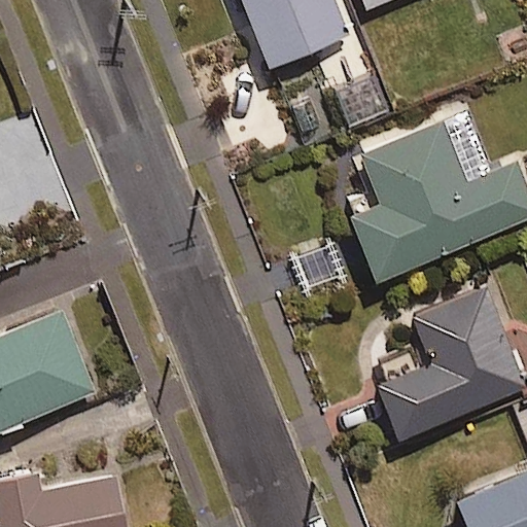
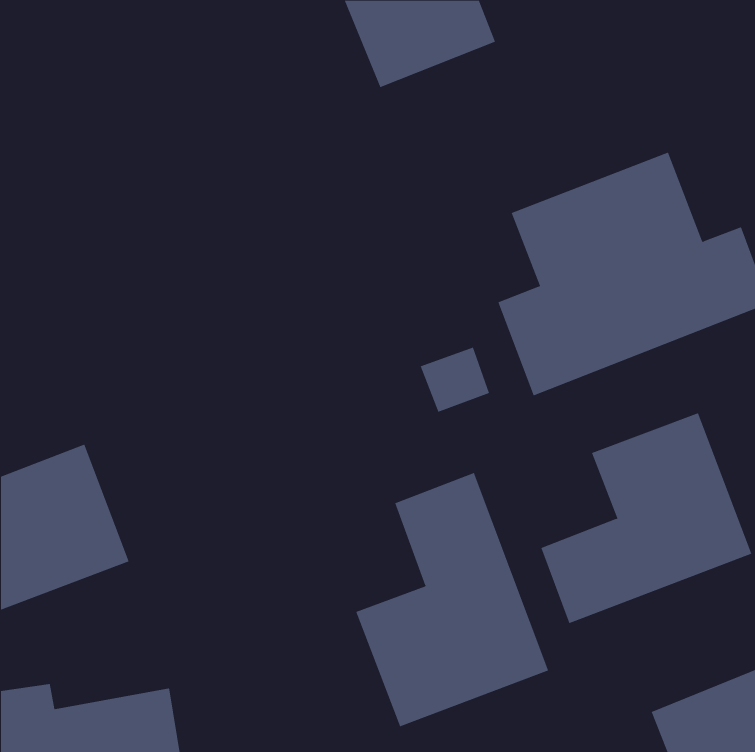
building: none -> [356,472,549,727]

